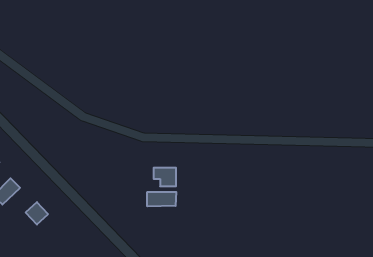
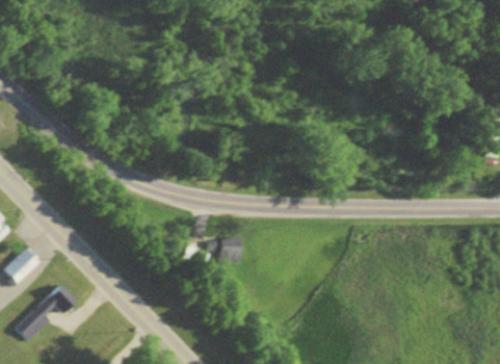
building: [147,192,176,206] -> none
building: none -> [17,307,50,340]

